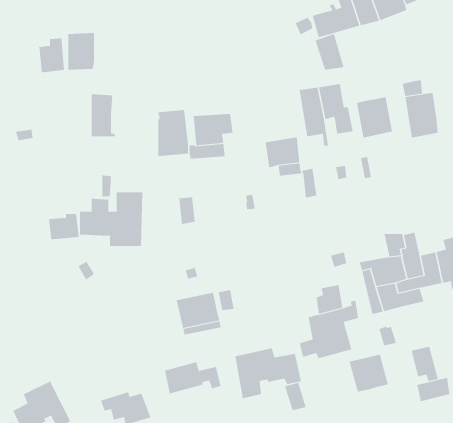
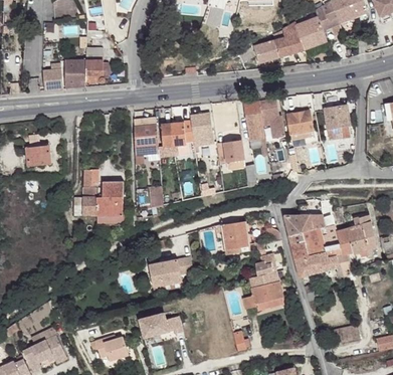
building: [315,33,344,70] -> none
building: [91,94,116,137] -> [85,48,105,81]
building: none -> [189,113,213,146]
building: [48,214,79,240] -> [26,146,50,166]
building: none -> [283,204,312,236]
building: none -> [220,221,249,255]
building: [411,346,438,382] -> none
building: [235,348,302,399] -> none
building: [349,354,389,392] -> none

